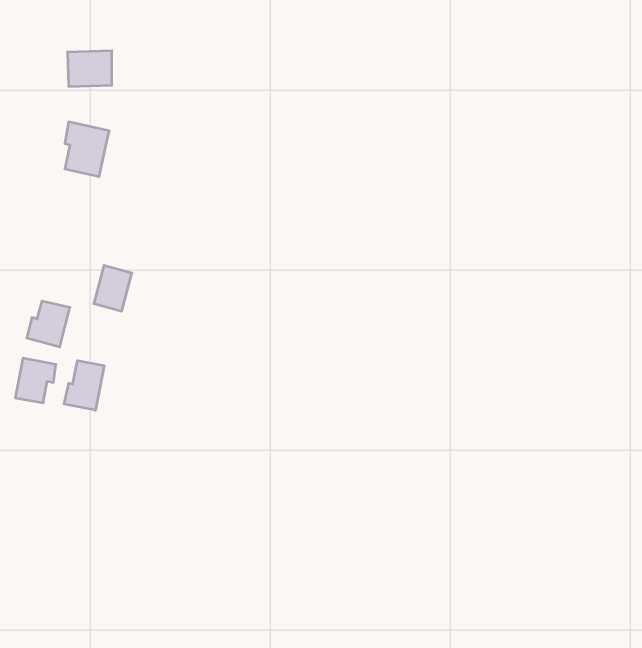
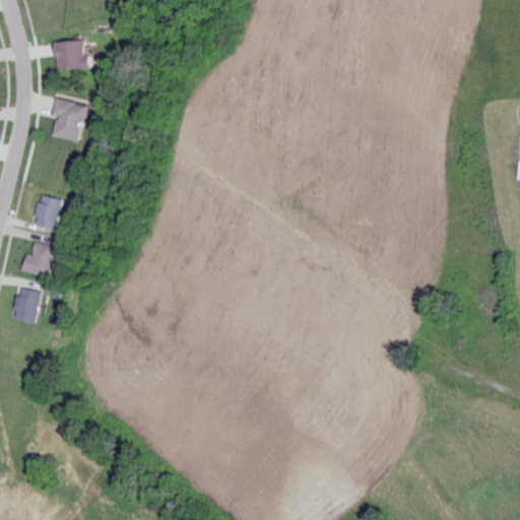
building: [94,265,132,311] -> [32,193,63,230]
building: [64,361,104,410] -> none

